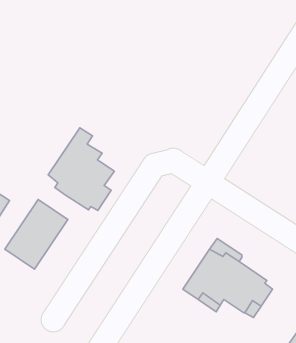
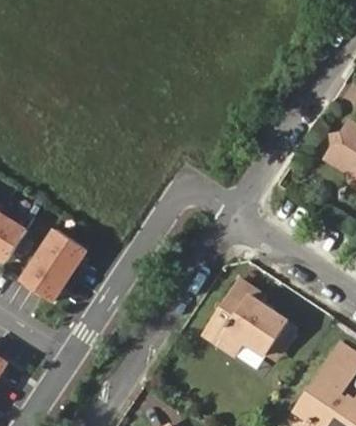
building: [48,128,114,210] -> none

